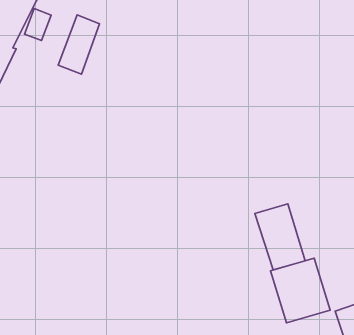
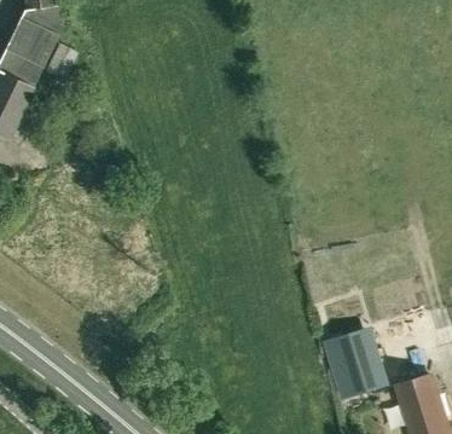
building: [58,15,100,74] -> none
building: [255,204,305,270] -> none

